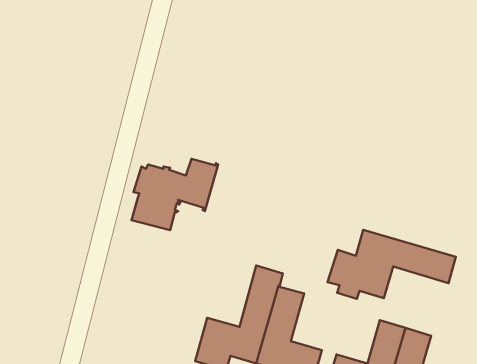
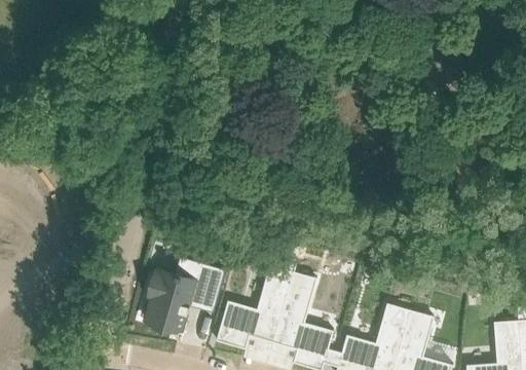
building: [131,159,218,230] -> [145,265,225,331]
building: [328,230,456,299] -> none

